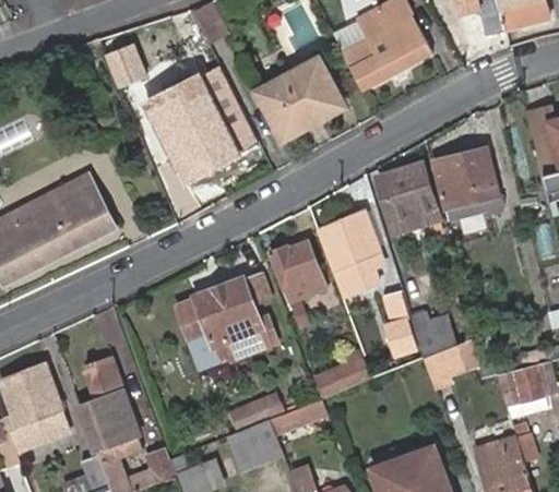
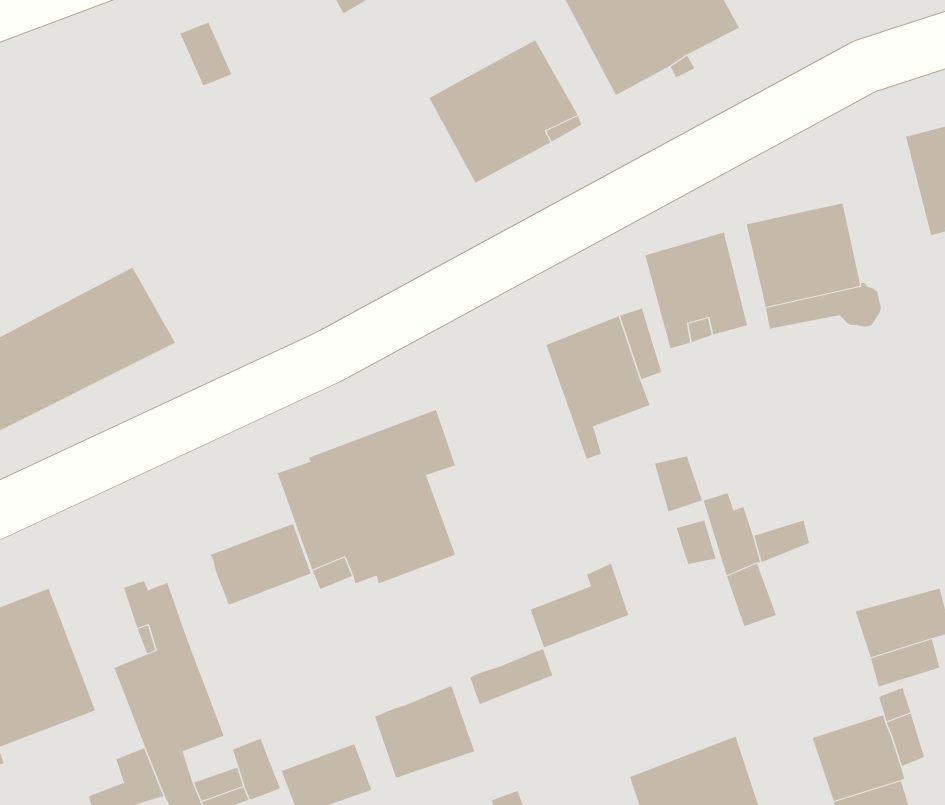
building: [147,67,257,180] -> none
building: [270,242,319,300] -> none
building: none -> [210,523,312,605]
building: [228,391,284,432] -> none

